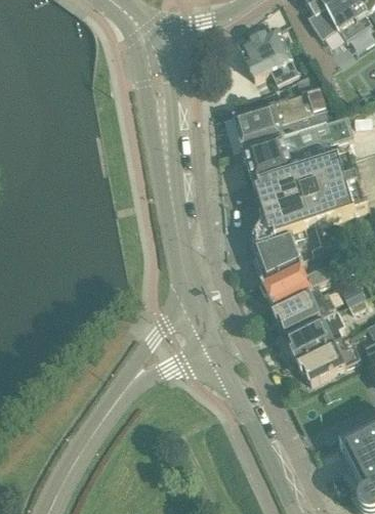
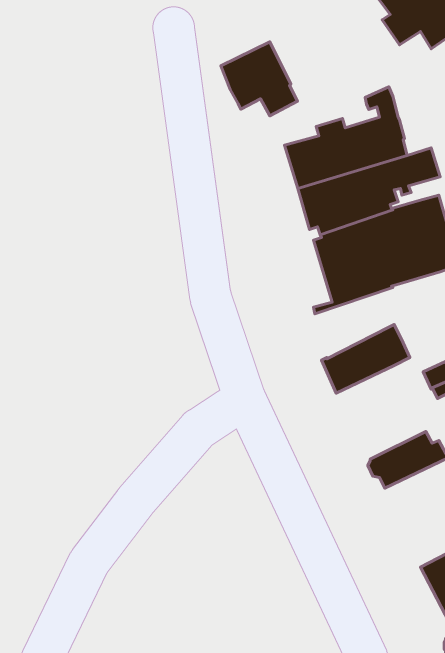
building: [237,24,296,81] -> [221,42,298,116]
building: [252,223,321,279] -> none
building: [270,284,334,330] -> none
building: [287,309,343,356] -> none

